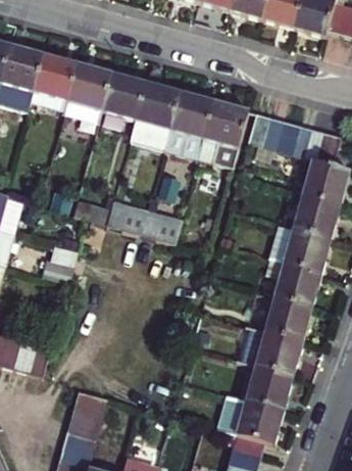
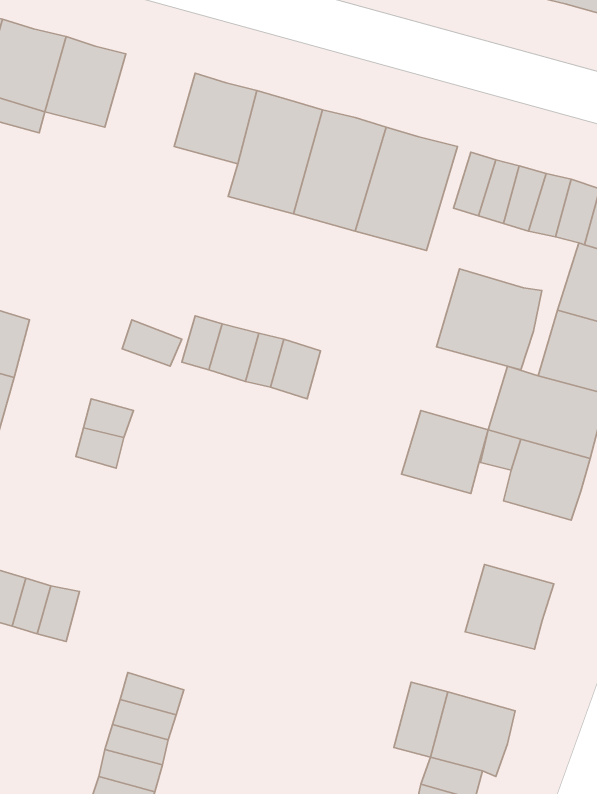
building: [63,61,111,110] -> none
building: none -> [437,269,542,370]
building: [264,298,310,342] -> [401,411,488,493]
building: [245,368,291,410] -> none

